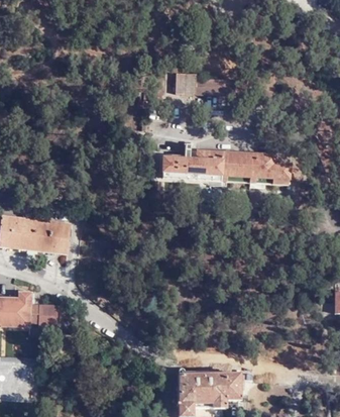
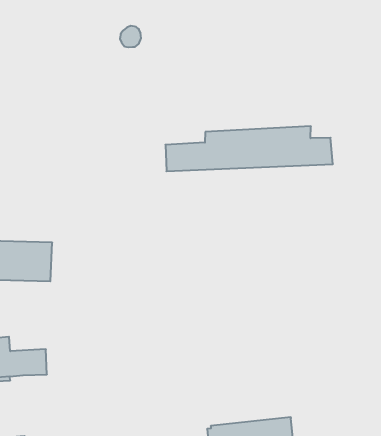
building: [174,73,232,94] -> none

